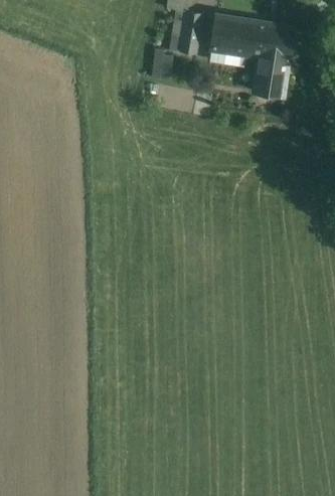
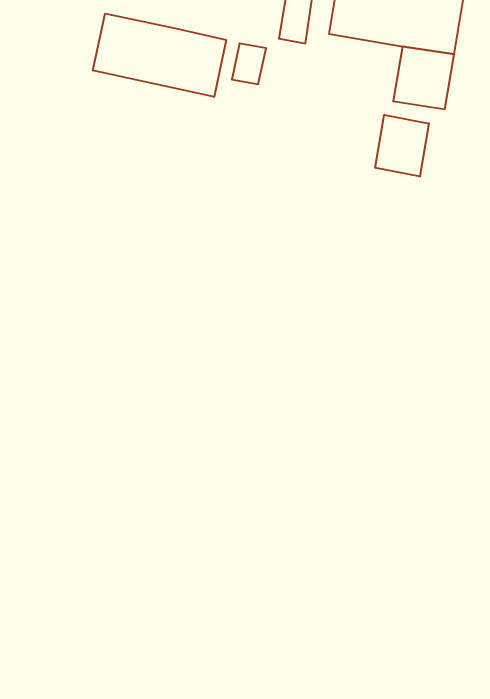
building: none -> [93,14,226,97]
building: none -> [375,115,429,177]

